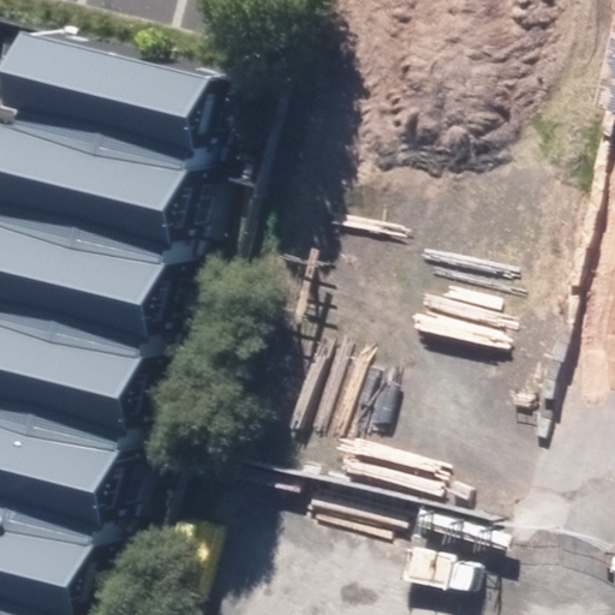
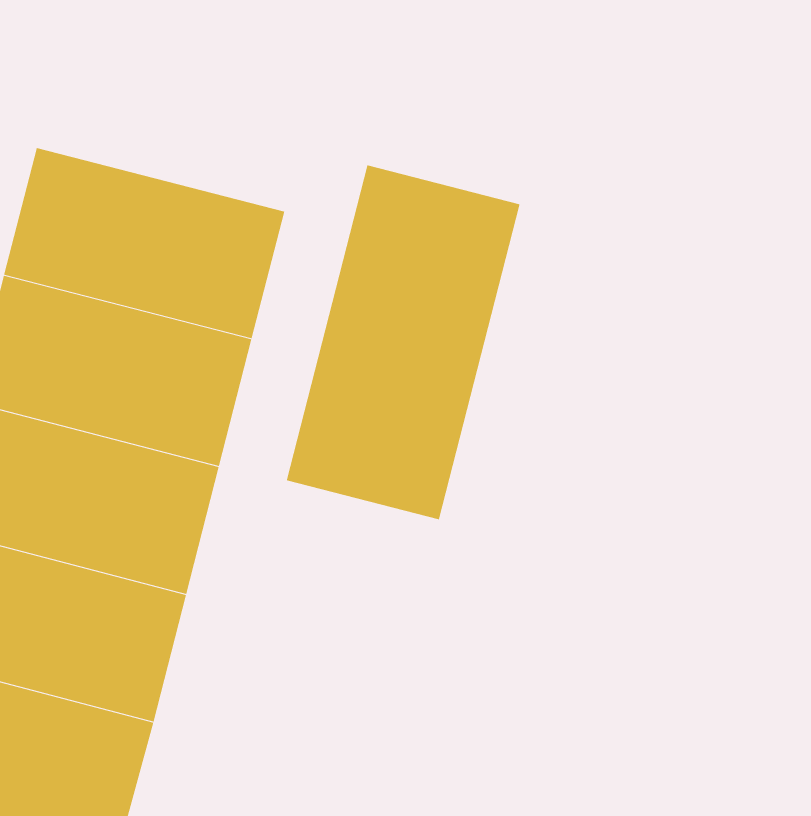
building: [26,30,233,171] -> none
building: none -> [286,164,520,520]

